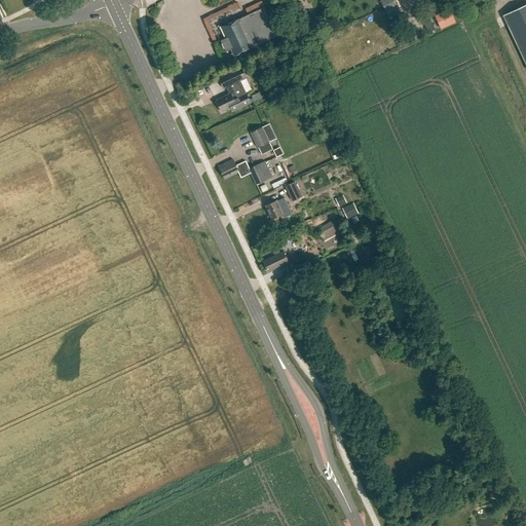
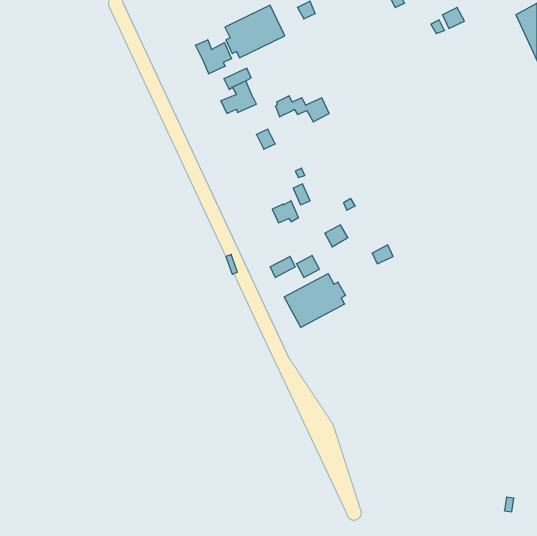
building: none -> [196,40,231,74]
building: [220,158,272,184] -> [275,96,329,122]
building: none -> [284,274,345,327]

